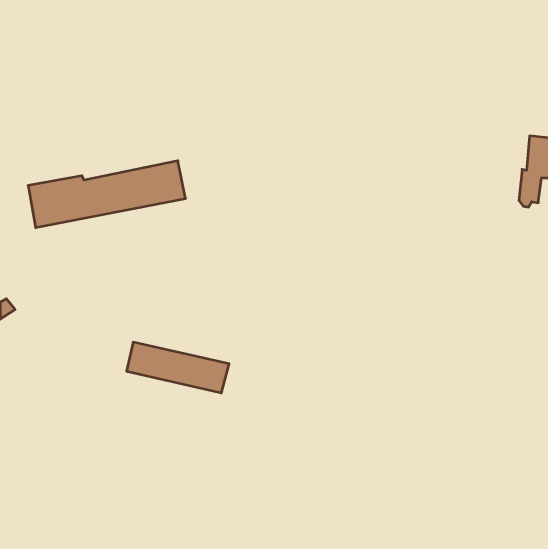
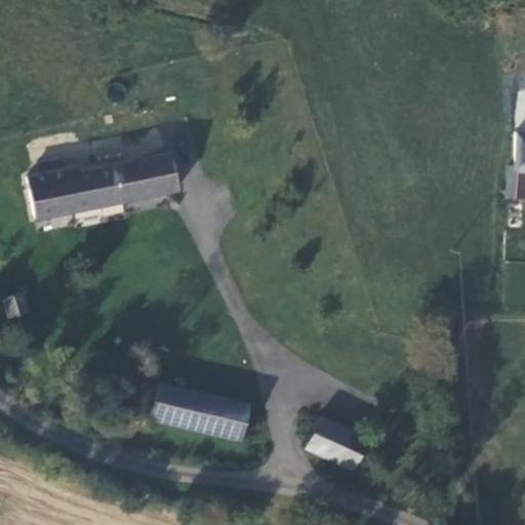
building: [127,342,229,393] -> [157,391,254,439]
building: none -> [312,423,371,473]

